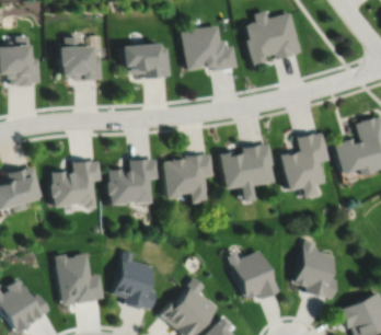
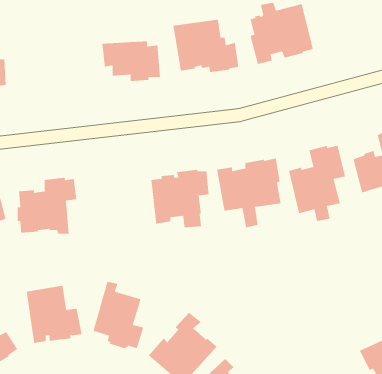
building: [57,37,101,82] -> none
building: [105,160,157,207] -> none
building: [295,238,338,297] -> none
building: [229,249,280,297] -> none

